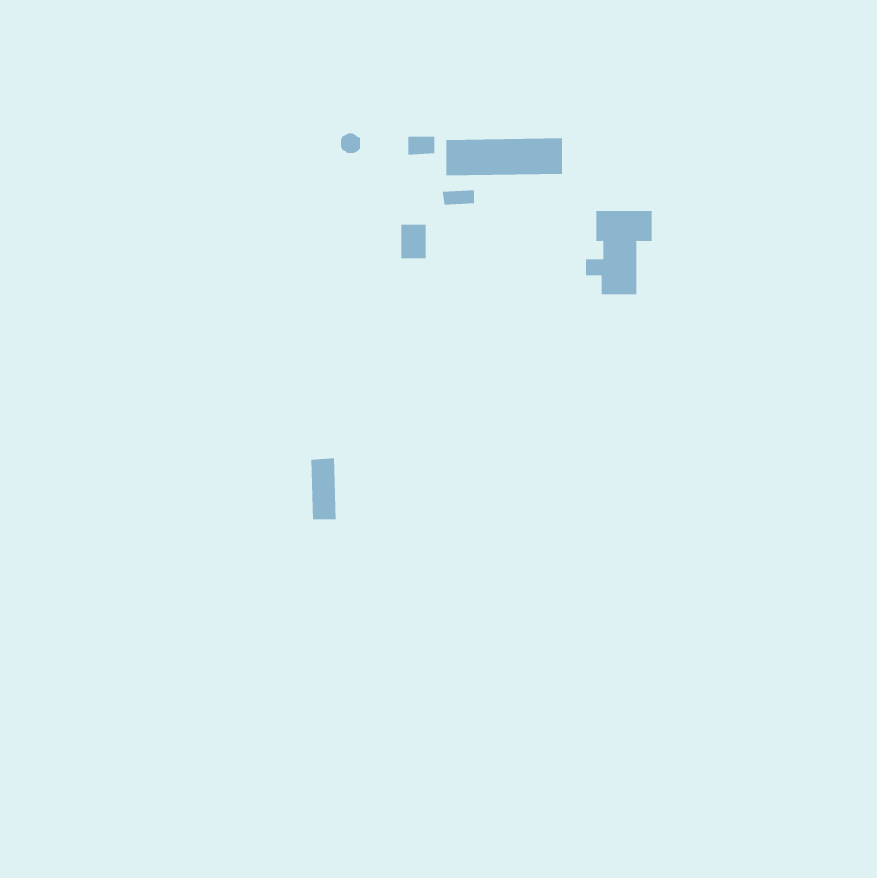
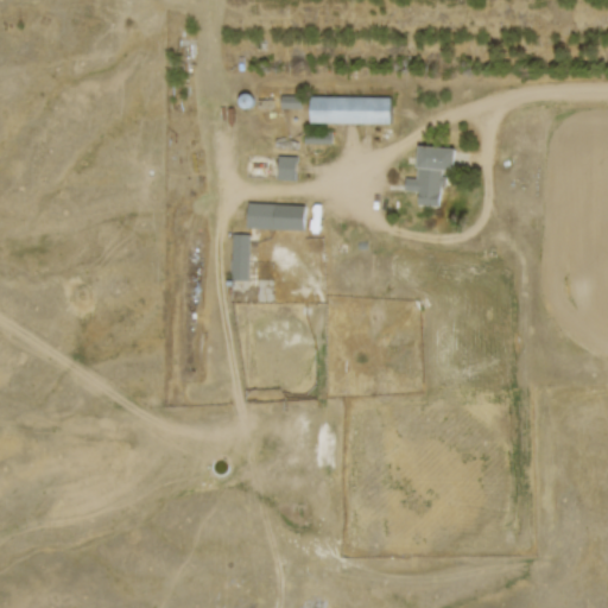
building: none -> [249,205,309,229]
building: [311,458,336,520] -> [232,235,249,278]

